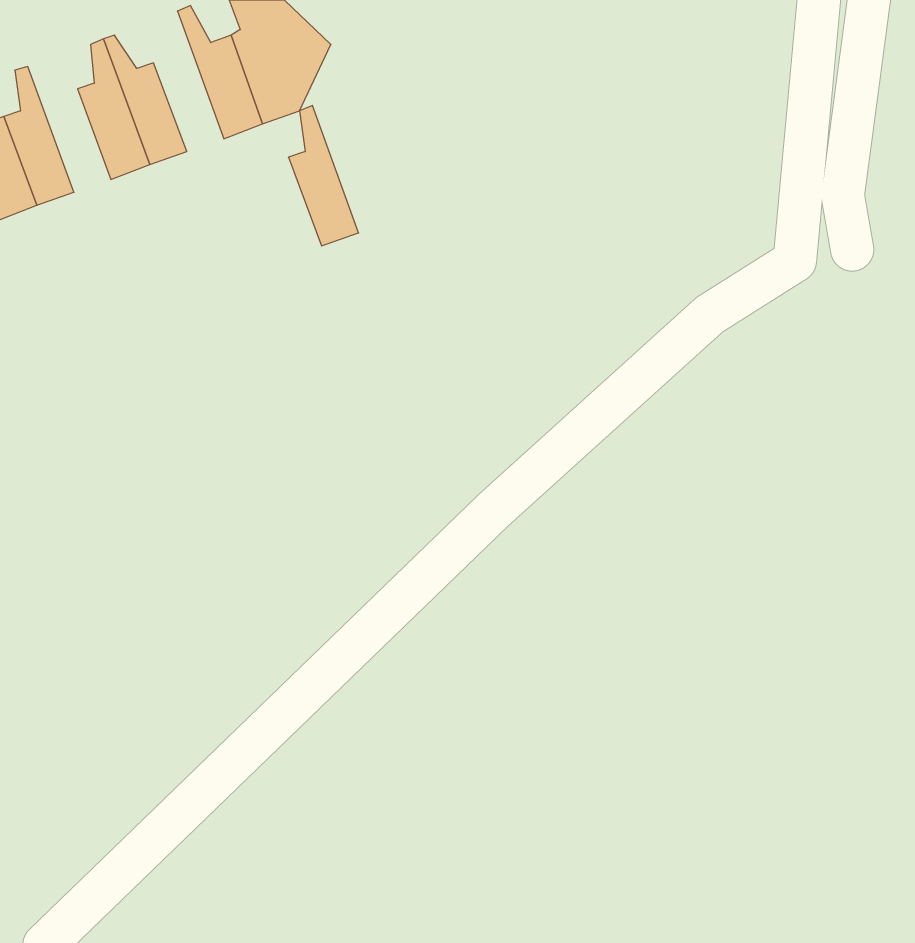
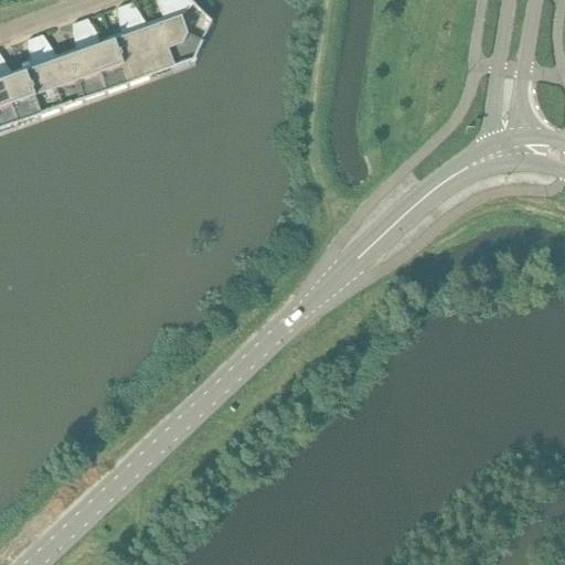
building: none -> [17,38,66,116]
building: [288,105,359,246] -> [92,8,134,92]

